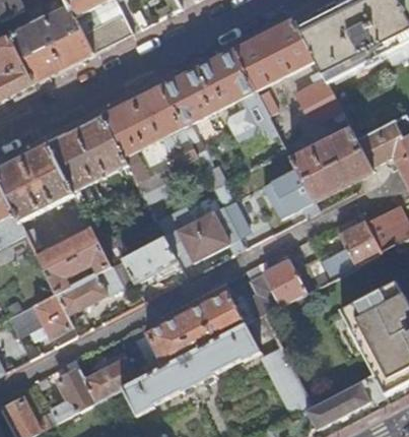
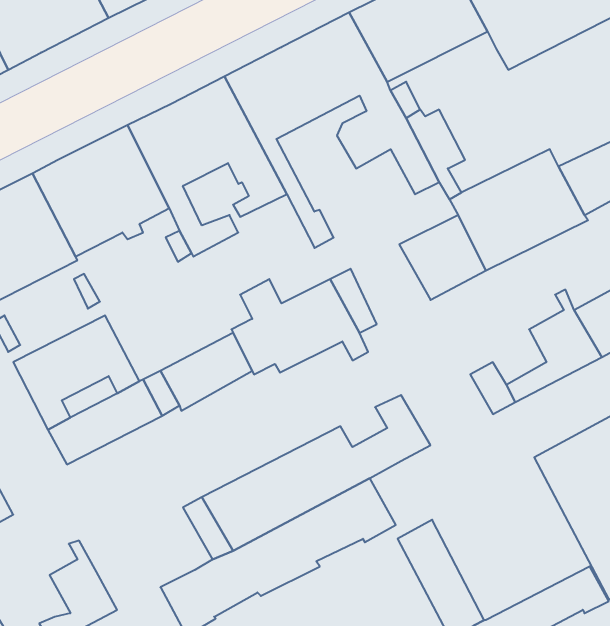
building: [295,70,343,121] -> none
building: [258,259,304,303] -> none
building: [33,294,77,338] -> none
building: [84,356,142,399] -> none

